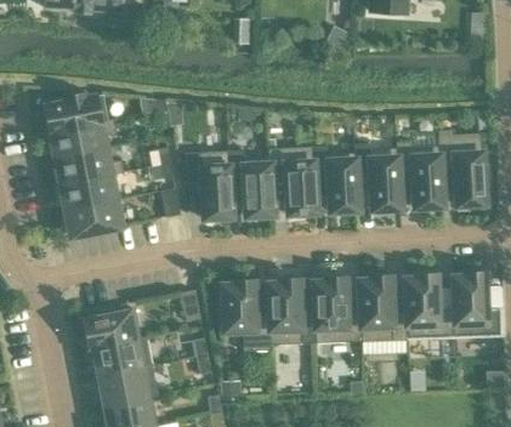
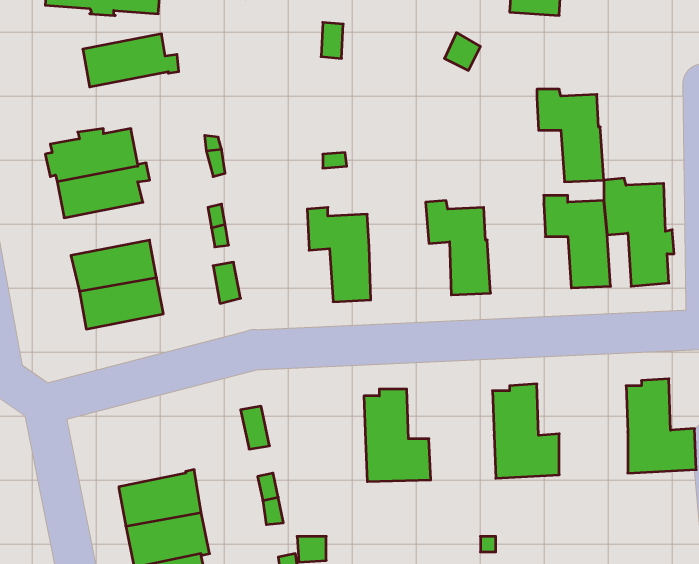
building: [352,144,399,210] -> [537,89,604,182]
building: [55,147,123,184] -> [83,34,179,87]
building: [269,147,314,215] -> none
building: [184,152,231,220] -> none
building: [404,274,454,340] -> none
building: [312,277,360,343] -> none
building: [217,280,269,352] -> none
building: [83,308,141,349] -> none

